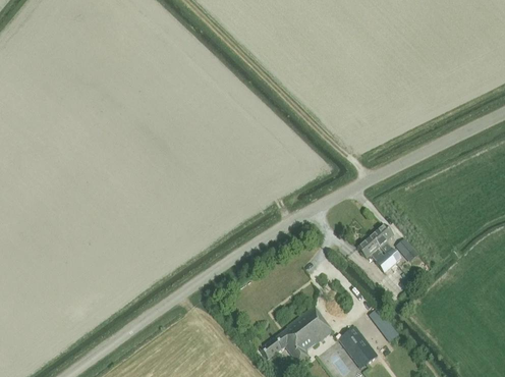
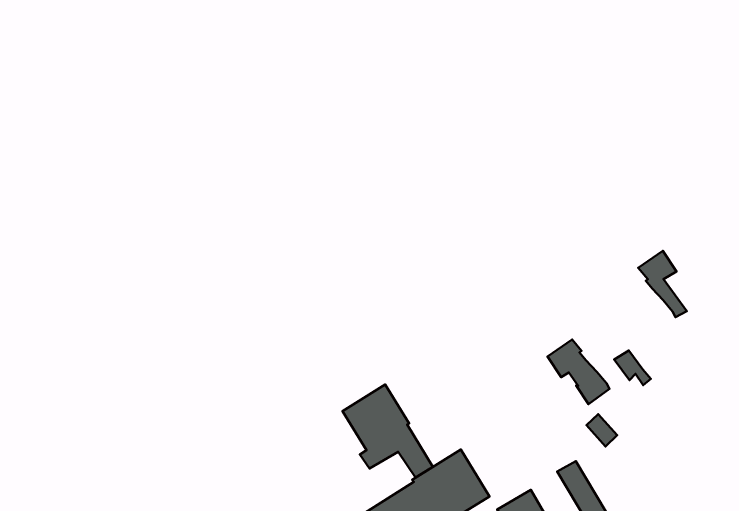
building: [370,226,400,264] -> [638,251,687,317]
building: none -> [342,385,433,477]

